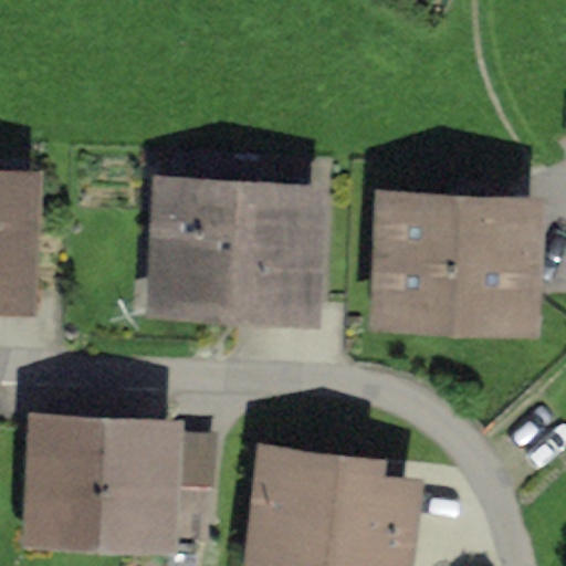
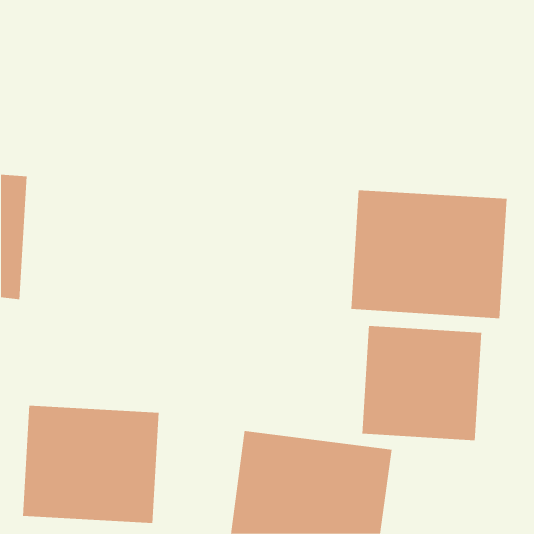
building: [153,187,310,316] -> none
building: none -> [362,325,482,441]

